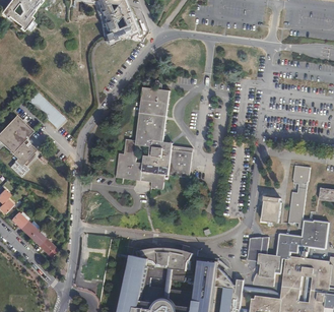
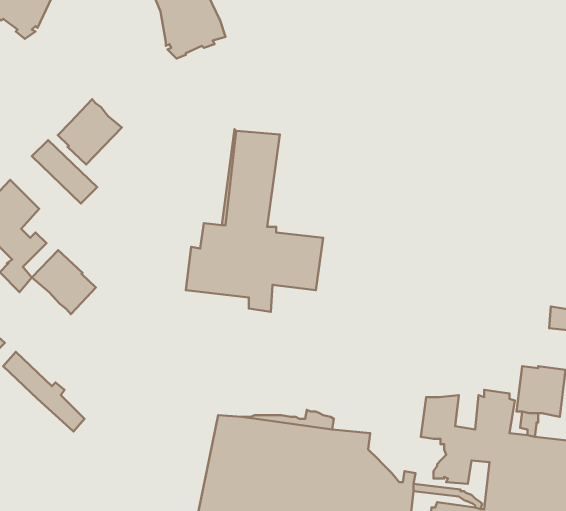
building: none -> [58,99,122,164]
building: none -> [32,250,96,314]
building: [288,166,311,229] -> none
building: [260,195,280,222] -> none

